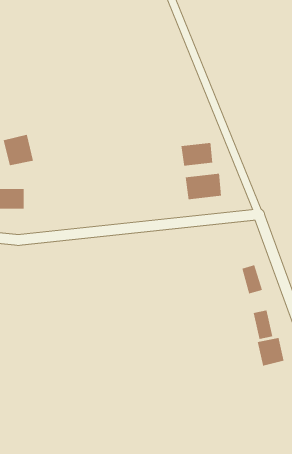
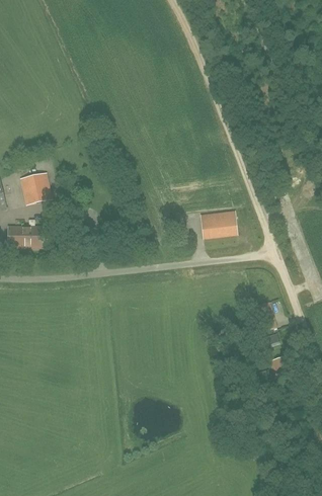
building: [181,142,213,166] -> none
building: [257,337,284,367] -> none

